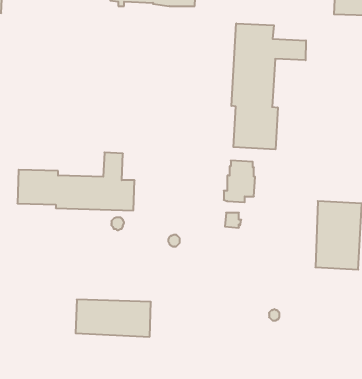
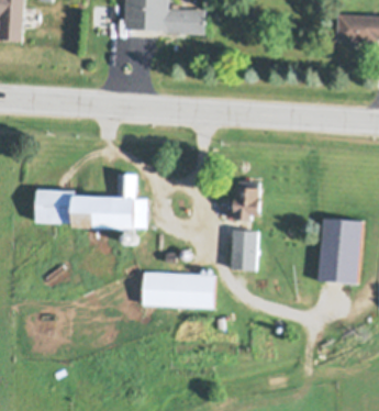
building: [231,23,306,149] -> none
building: none -> [232,249,263,266]
building: [76,300,151,337] -> [143,273,214,308]

